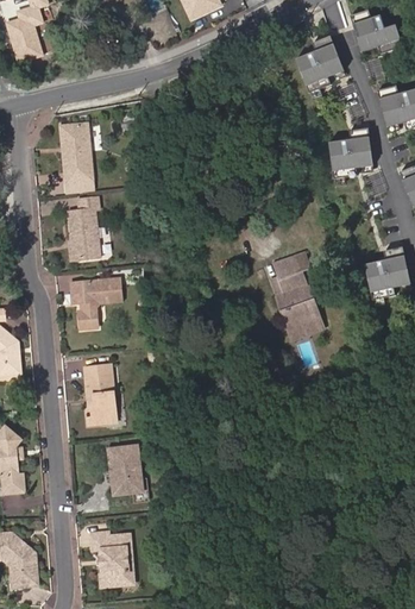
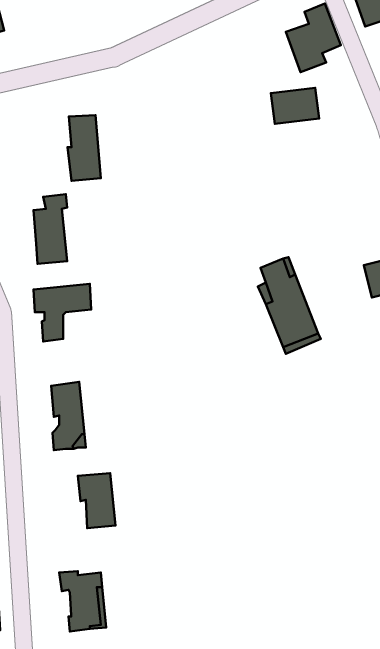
building: [63,126,93,184] -> [67,115,101,181]
building: [327,134,370,167] -> [271,88,319,124]

